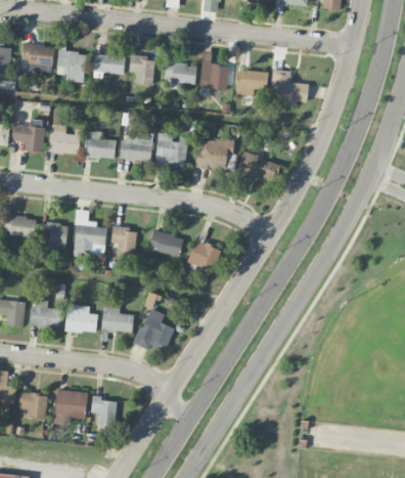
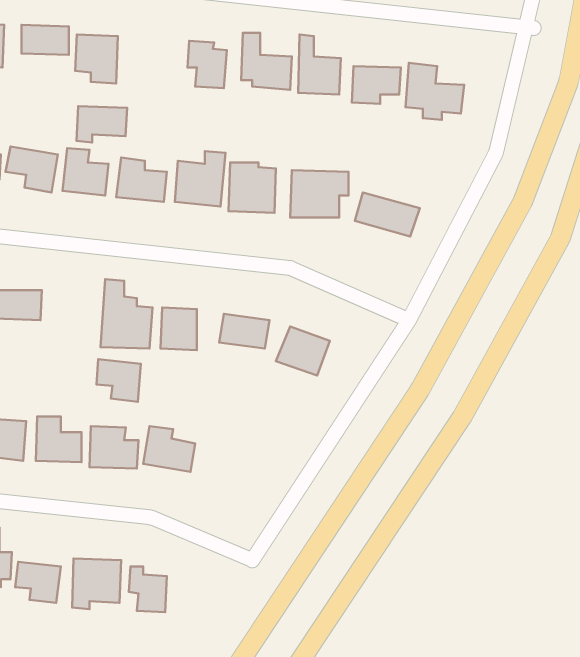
building: [92,54,125,78] -> [76,106,127,142]
building: [39,221,68,249] -> [97,359,141,402]
building: [135,307,174,353] -> none

